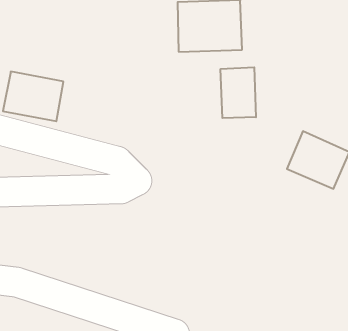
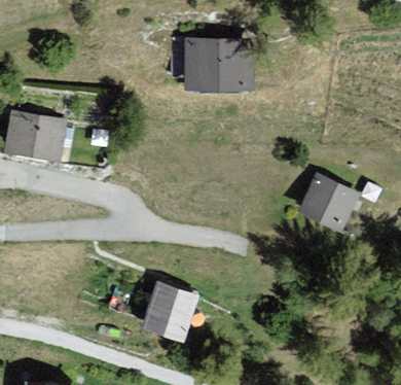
building: [221,67,256,118] -> none
building: none -> [146,282,197,339]

